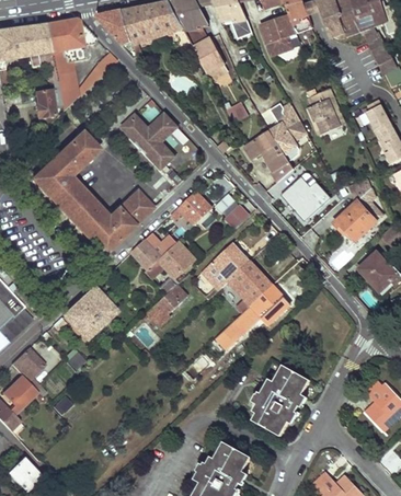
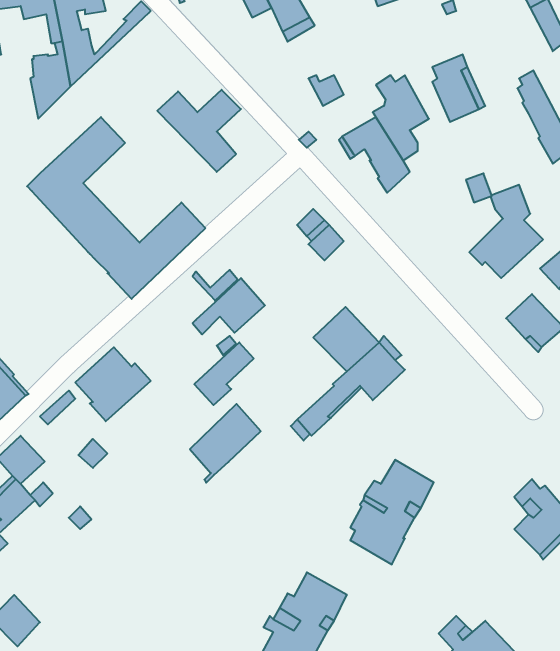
building: [284,174,332,217] -> none
building: [171,192,213,229] -> none
building: [133,240,161,269] -> none
building: [202,242,250,296] -> [190,404,261,483]

